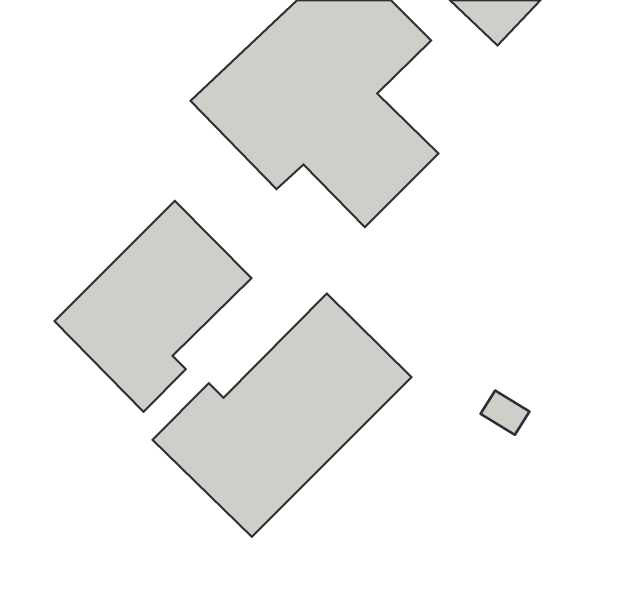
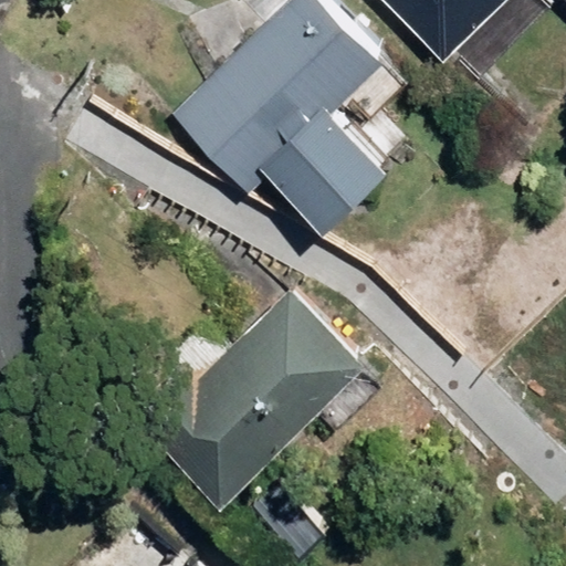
building: [54,201,251,412] -> none

